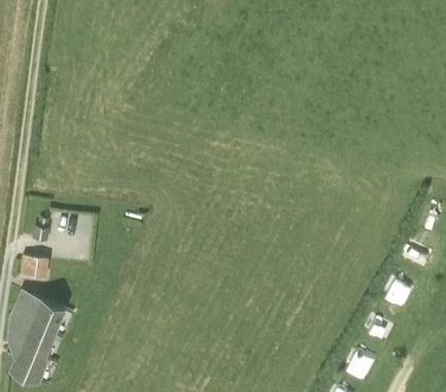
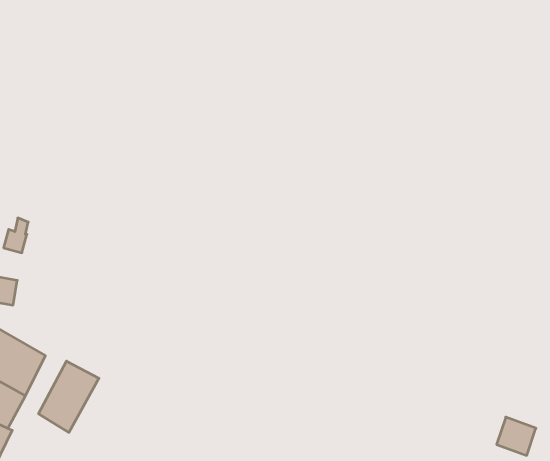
building: none -> [39,361,99,432]

